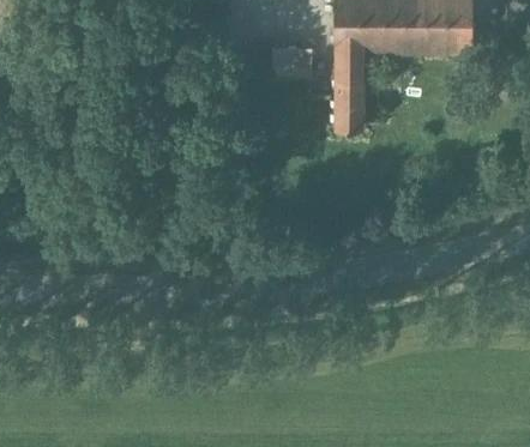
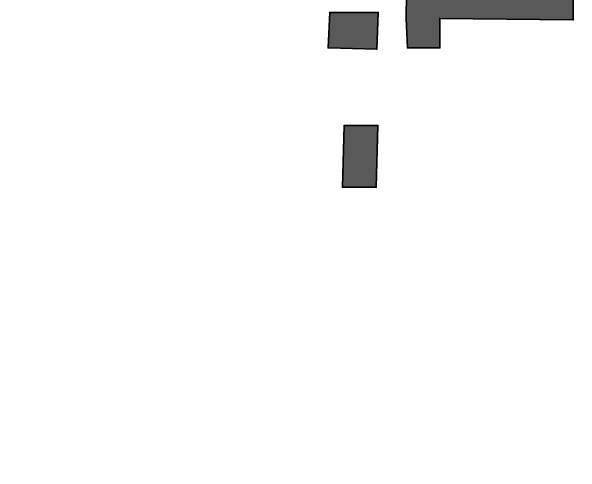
building: [335,74,363,125] -> [343,126,378,187]

